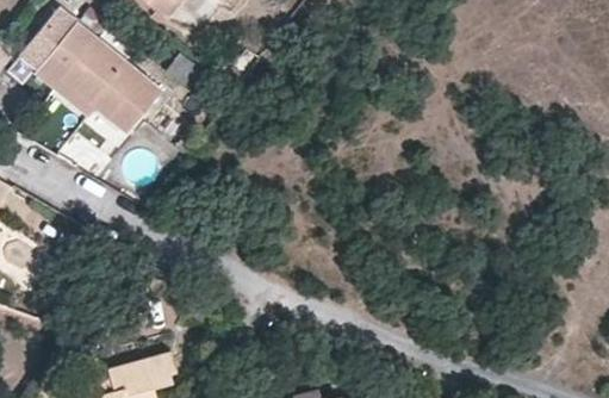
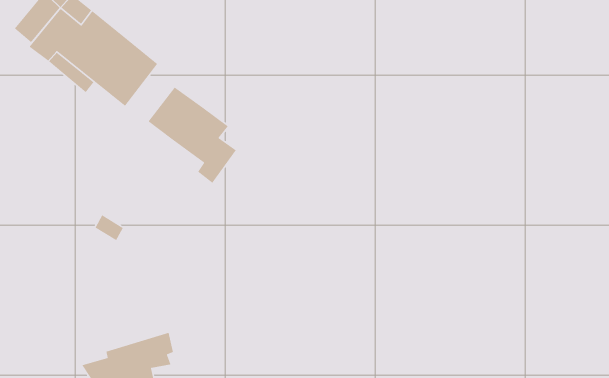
building: none -> [147,86,237,184]

